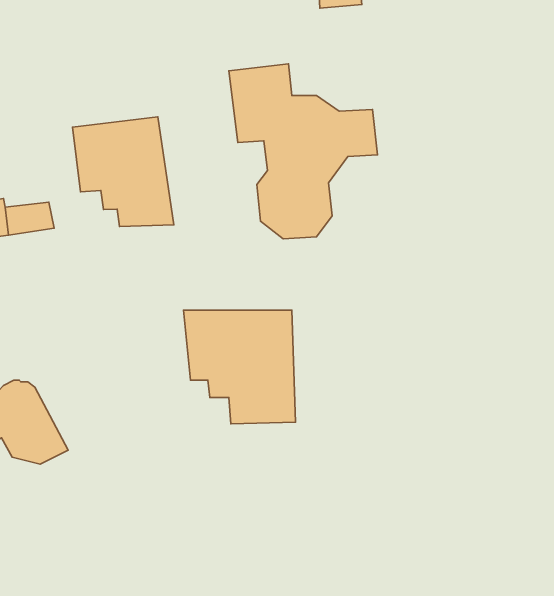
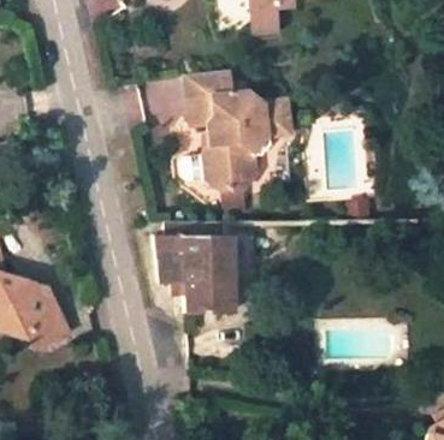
building: [72,117,174,227] -> none

